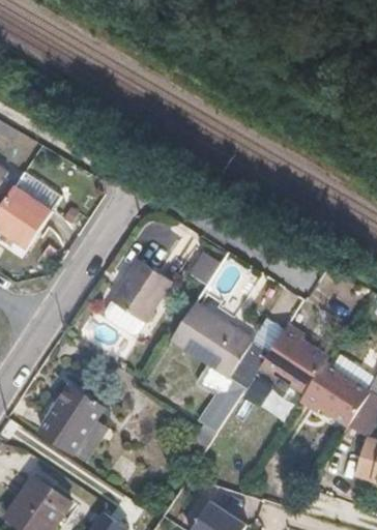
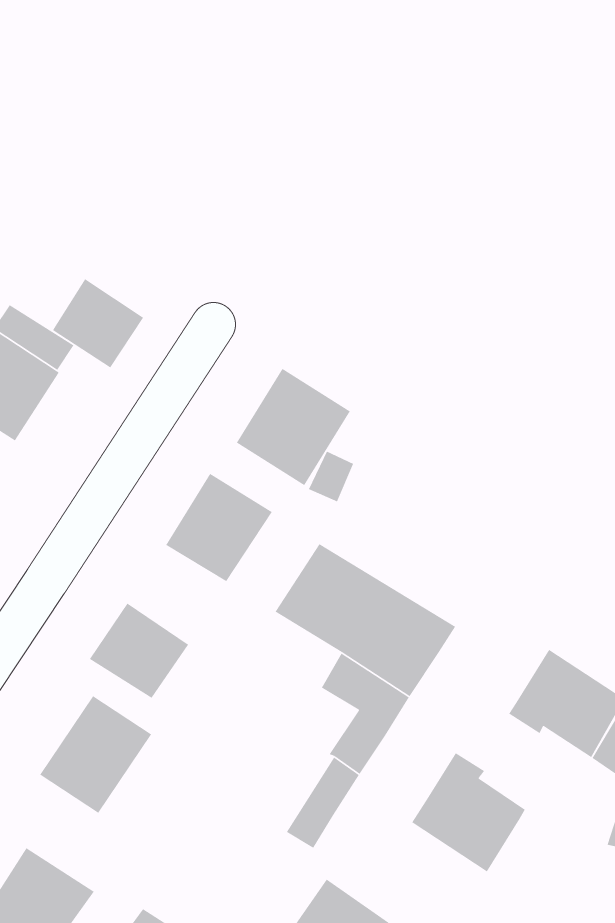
building: none -> [52,278,144,369]
building: none -> [236,368,351,486]
building: [264,326,328,393] -> [411,752,526,873]
building: none -> [89,602,189,699]

